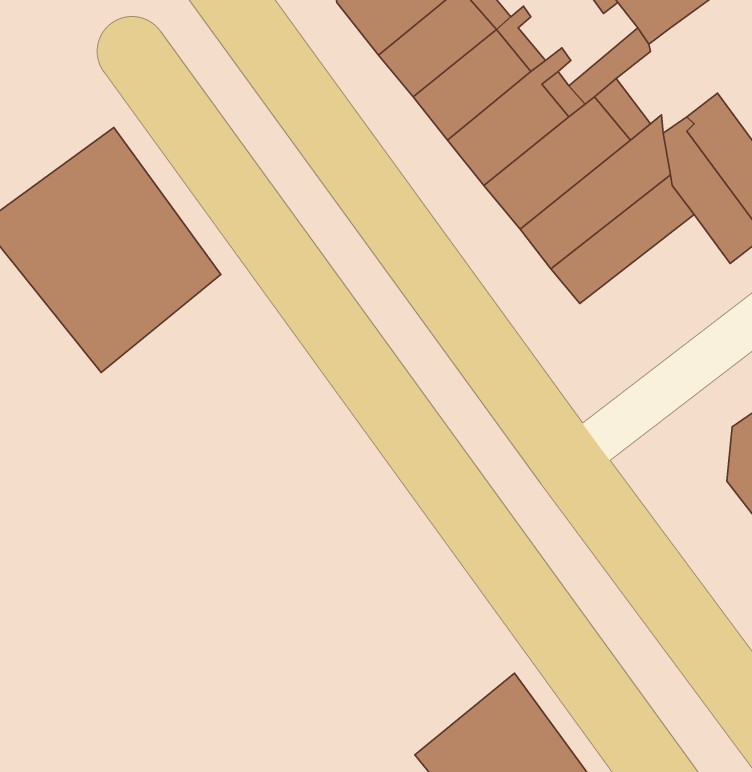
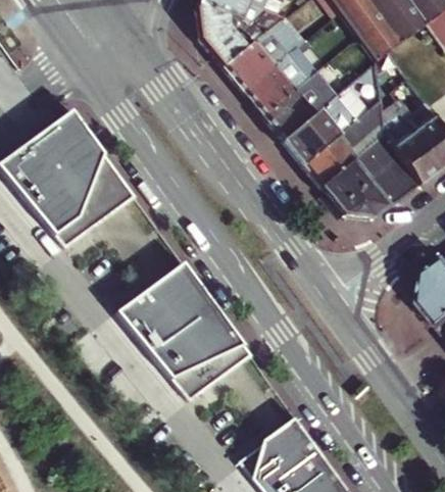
building: none -> [336,157,421,218]
building: none -> [118,256,250,398]

